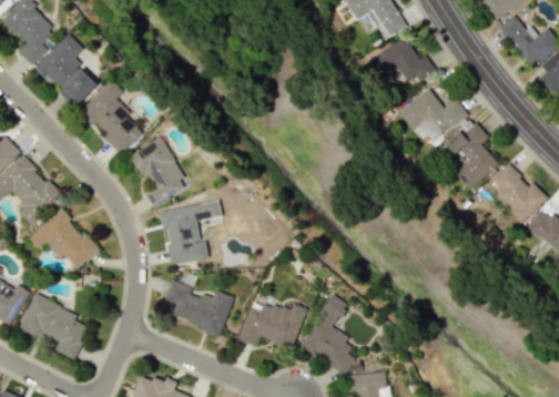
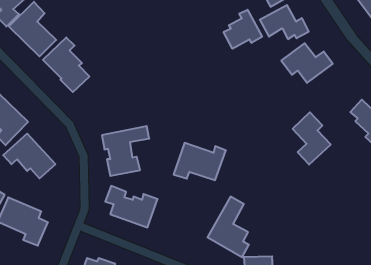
building: none -> [224,10,262,49]
building: [447,119,498,189] -> [293,112,331,165]
building: [131,136,190,206] -> none
building: [237,298,307,348] -> [174,143,226,180]

